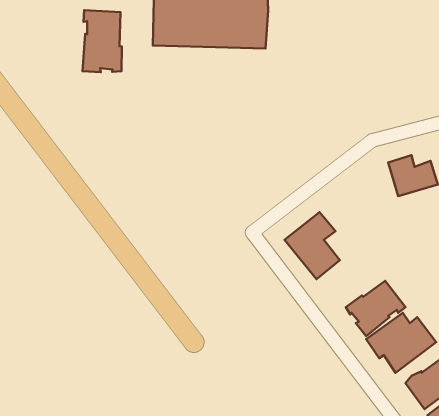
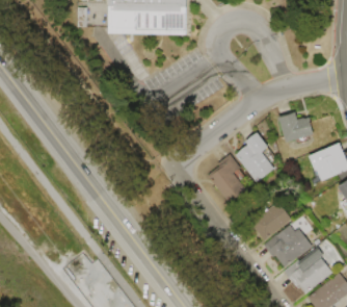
building: [83,10,122,72] -> none
building: none -> [233,131,273,182]

